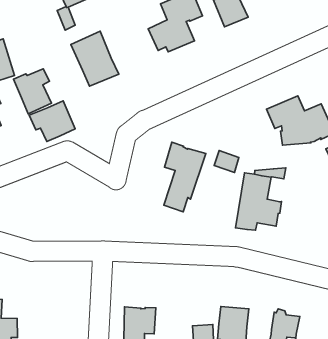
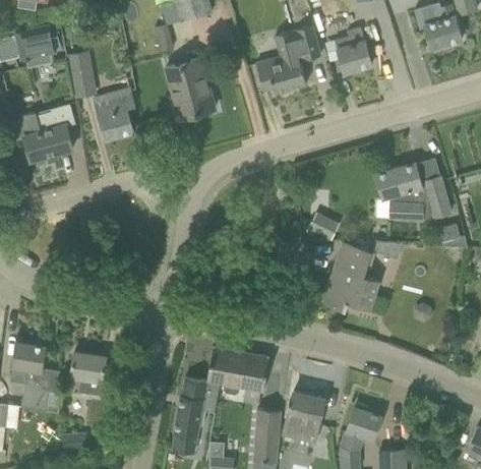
building: [29,101,75,142] -> none
building: [164,142,206,212] -> none
building: none -> [207,347,269,395]
building: none -> [69,352,108,397]

